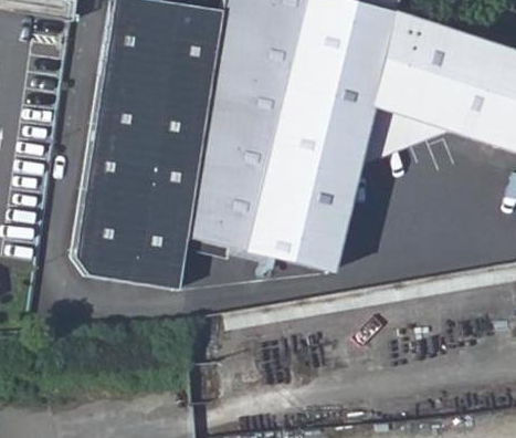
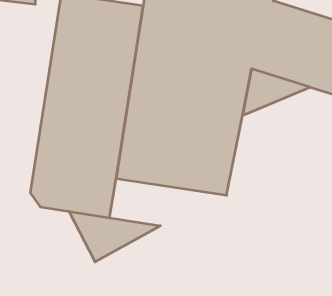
building: none -> [69,211,160,262]

